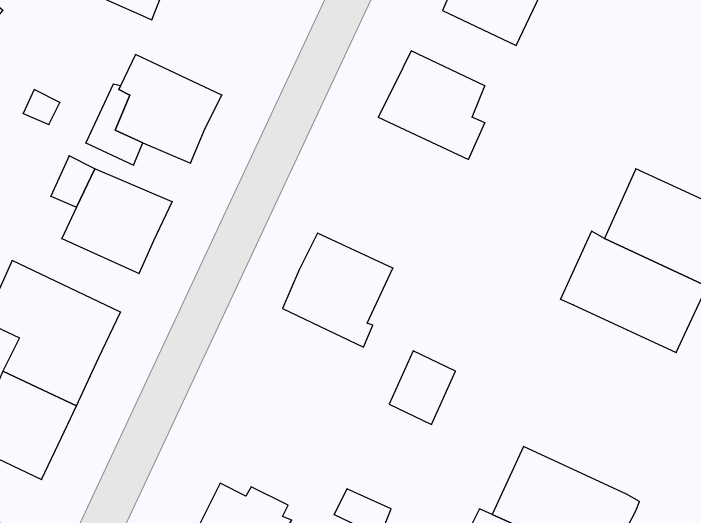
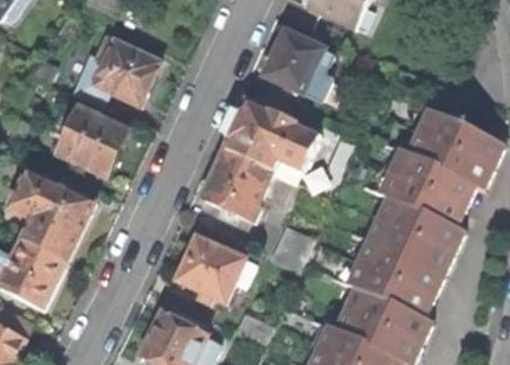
building: none -> [222,103,317,174]
building: none -> [347,198,461,320]
building: none -> [173,238,252,305]

